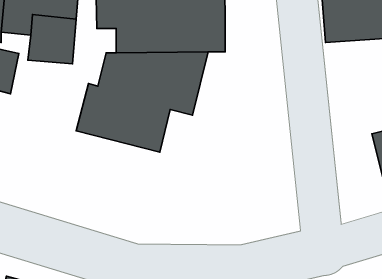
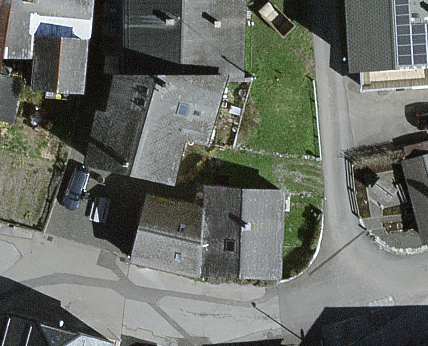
building: none -> [206,187,280,275]
building: none -> [135,195,200,268]

